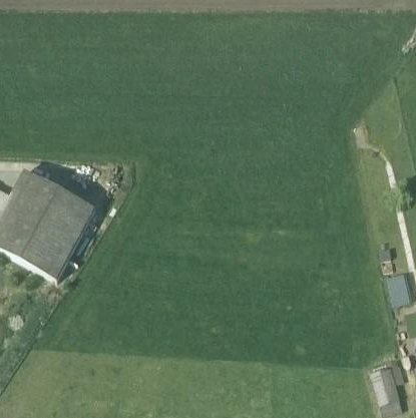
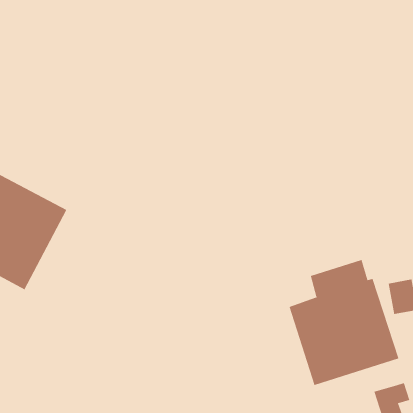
building: none -> [289,259,399,386]

